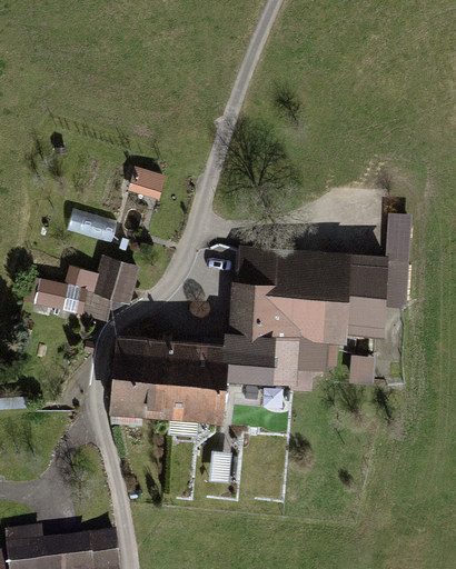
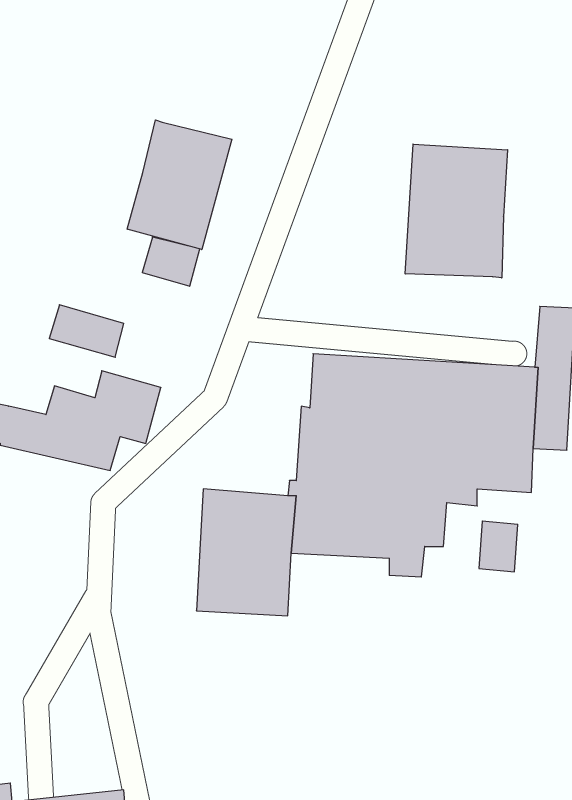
building: none -> [127,120,232,250]
building: none -> [405,144,508,278]
building: [110,331,168,415] -> none

